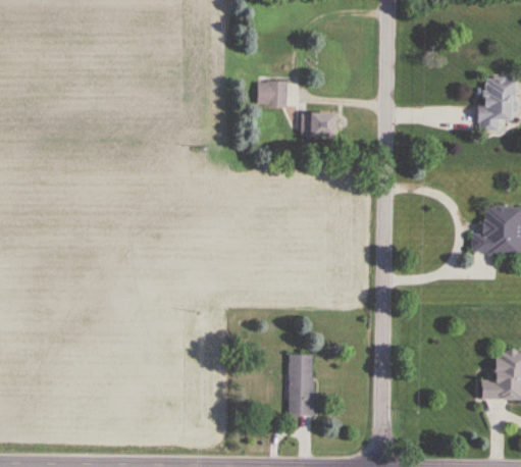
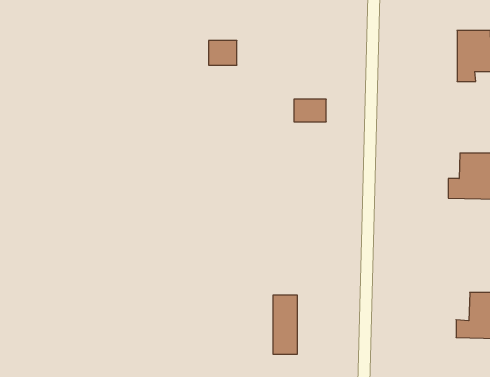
building: [258,81,288,106] -> [209,41,237,65]
building: [303,114,336,138] -> [294,99,326,122]

